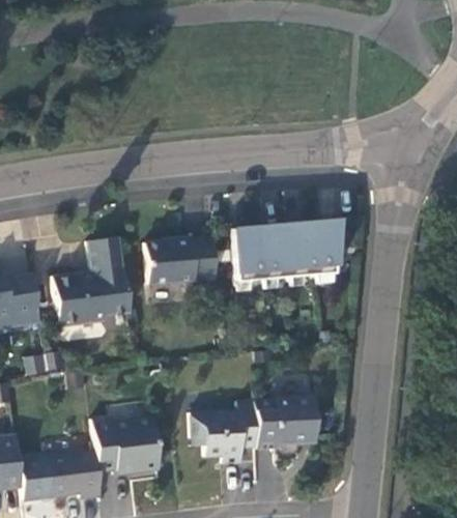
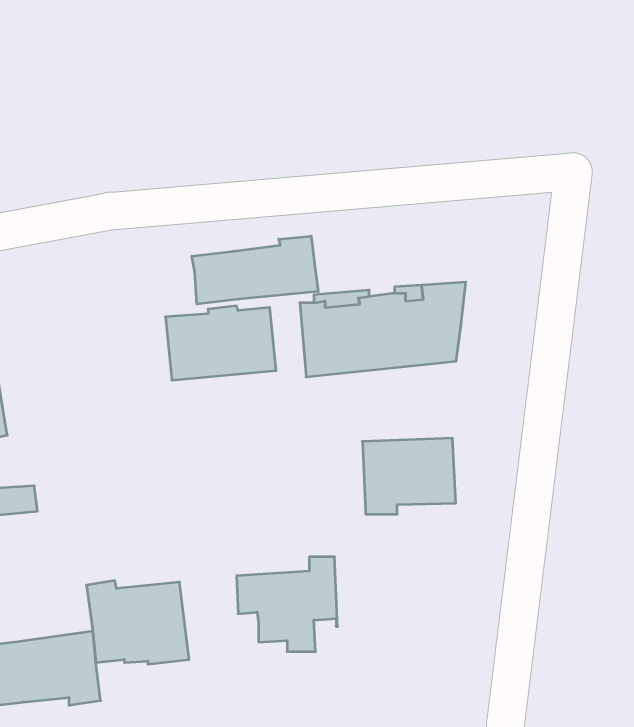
building: none -> [192,236,318,304]
building: [53,236,130,325] -> none
building: [255,398,316,448] -> [362,438,456,514]

